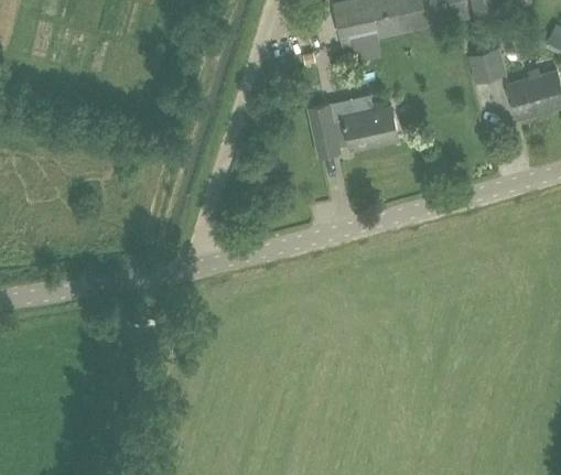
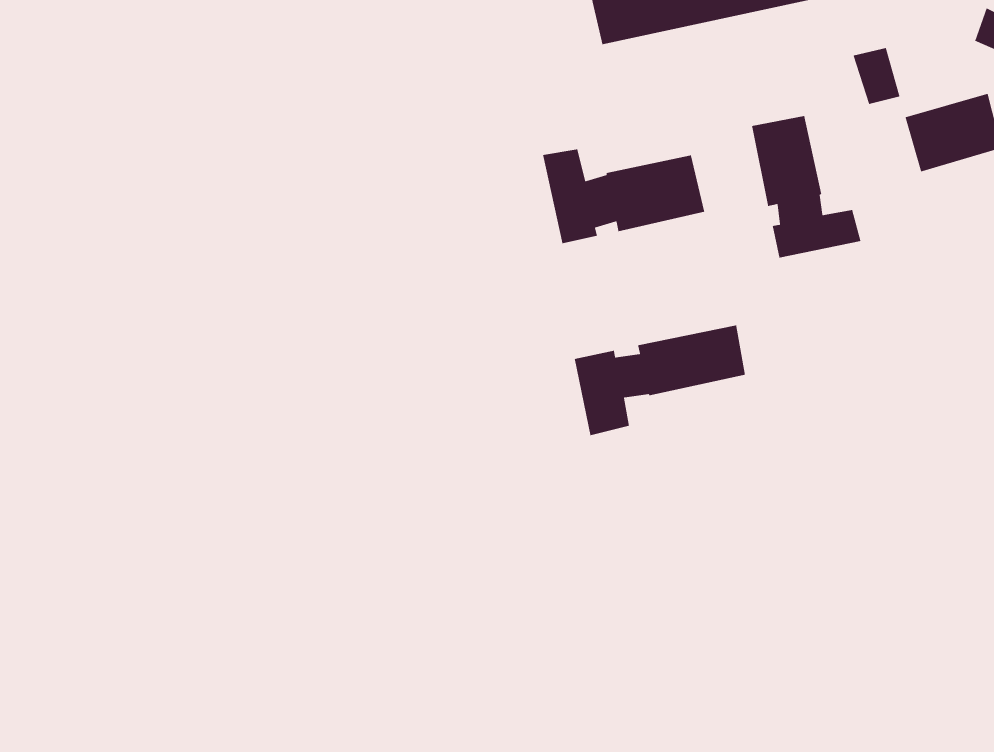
building: none -> [751,115,861,259]
building: none -> [574,324,746,436]

